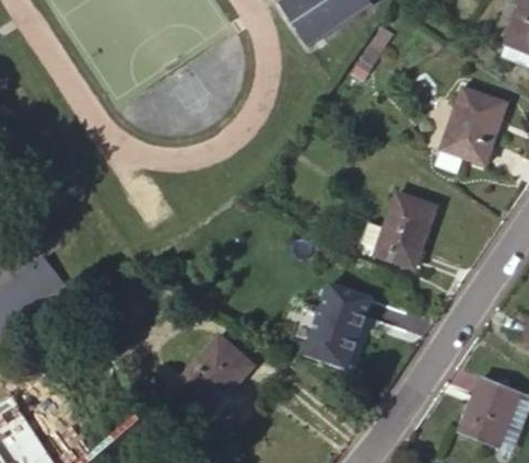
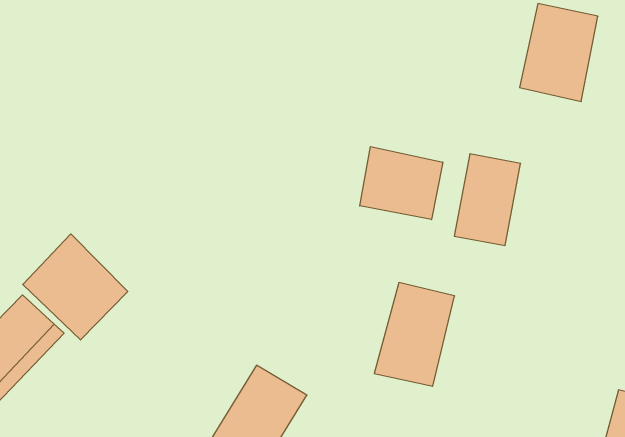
building: none -> [360,147,443,220]
building: none -> [23,234,128,340]

